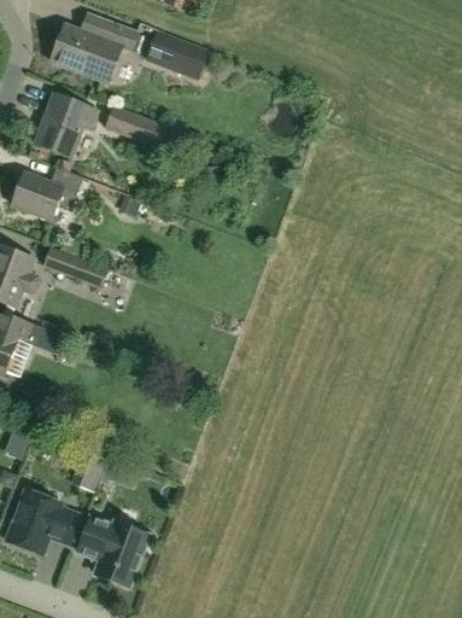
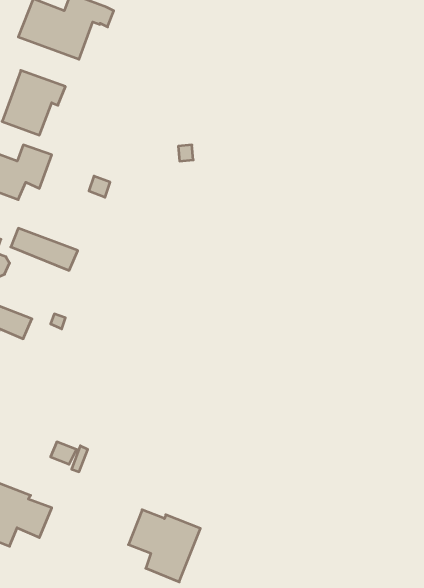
building: [145,30,194,72] -> none
building: [104,103,164,145] -> none
building: [78,519,148,589] -> [128,510,200,582]

